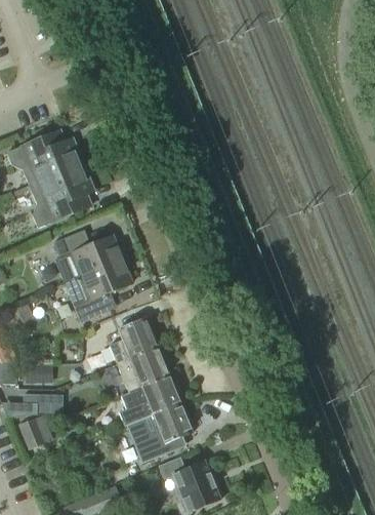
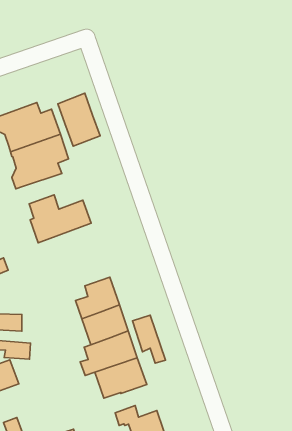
building: none -> [58,93,100,146]
building: [65,260,130,321] -> none
building: none -> [132,315,165,363]

